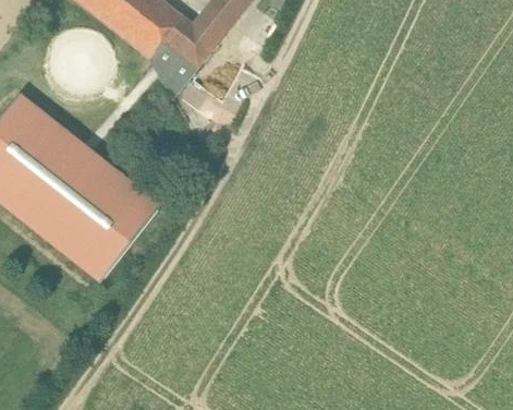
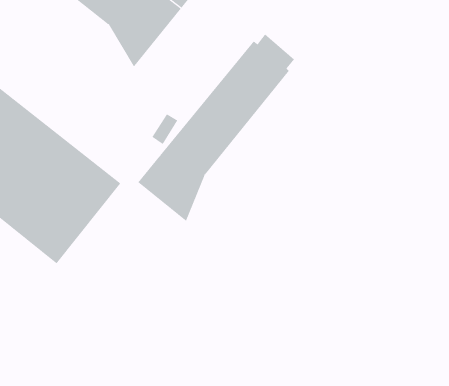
building: none -> [137,33,295,222]

